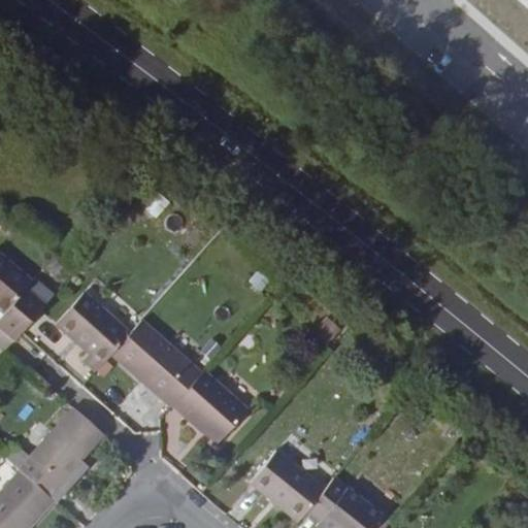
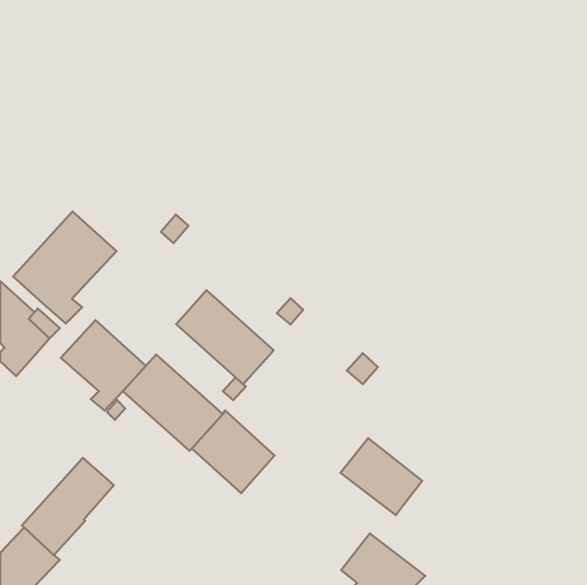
building: none -> [13,211,116,323]
building: none -> [176,290,274,384]
building: [251,453,324,522] -> [341,438,422,515]

